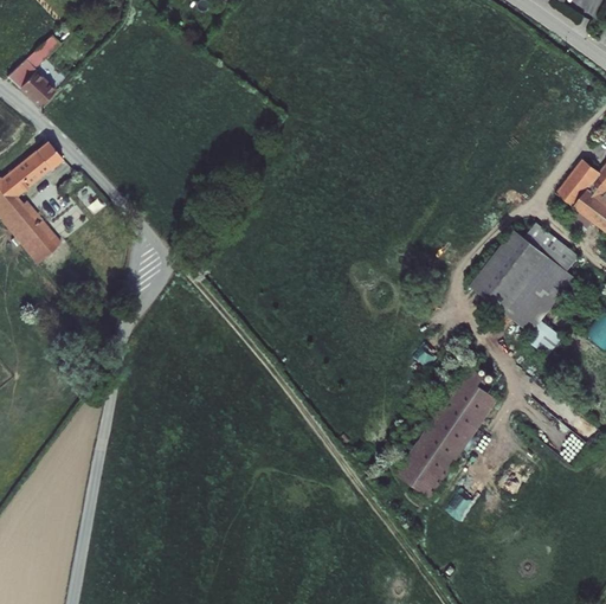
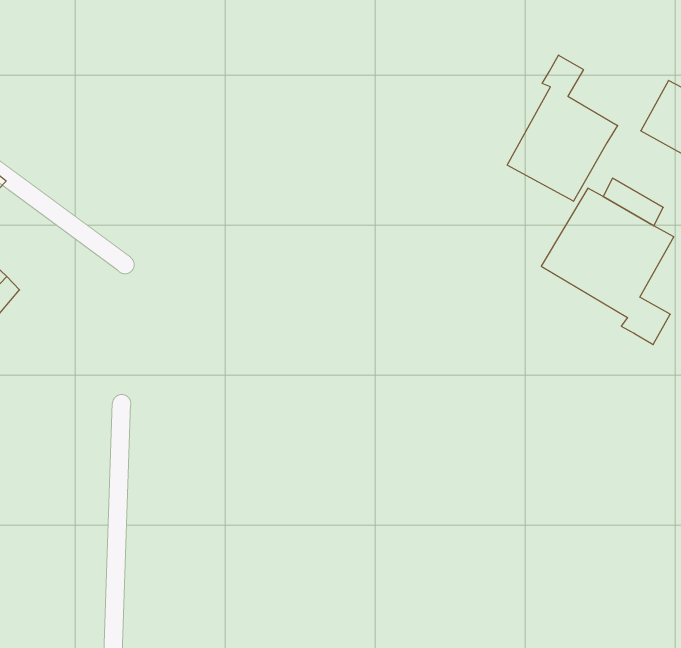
building: none -> [507,55,618,201]
building: [395,365,496,496] -> none

